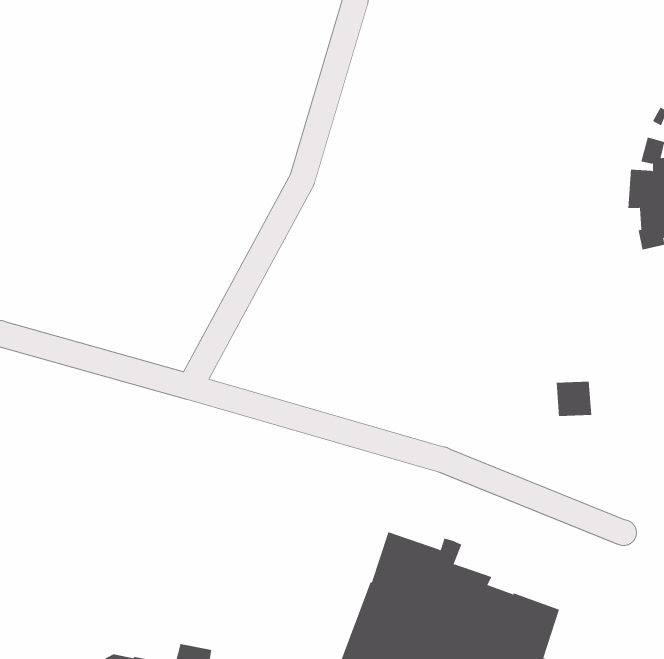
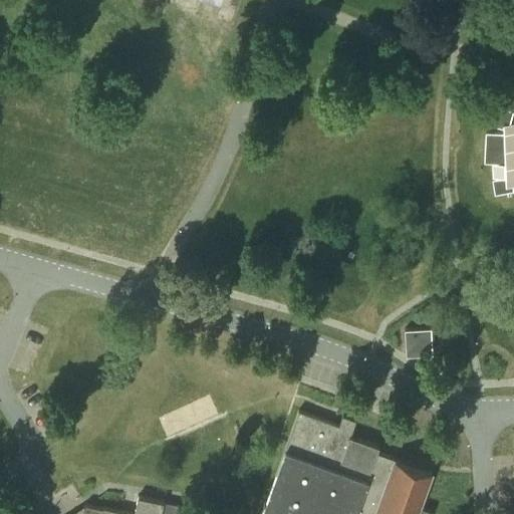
building: [556,381,592,416] -> [406,332,434,359]

